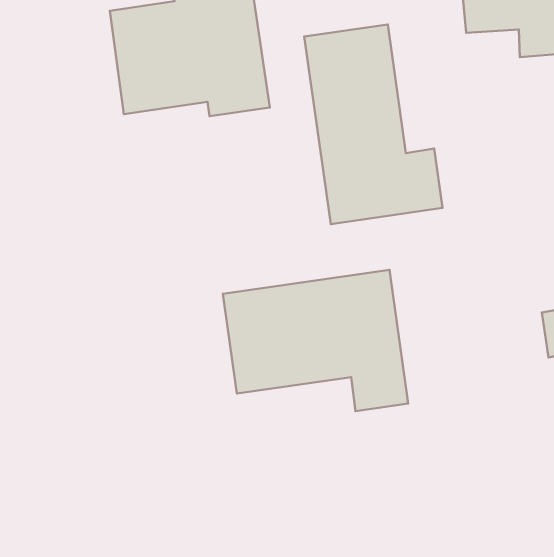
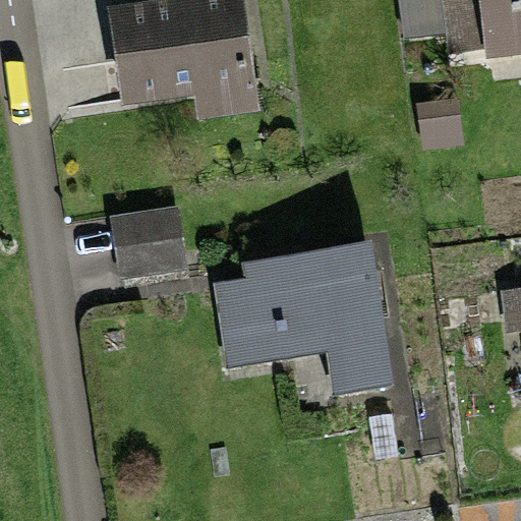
building: [304,25,443,224] -> none
building: none -> [116,209,188,280]

